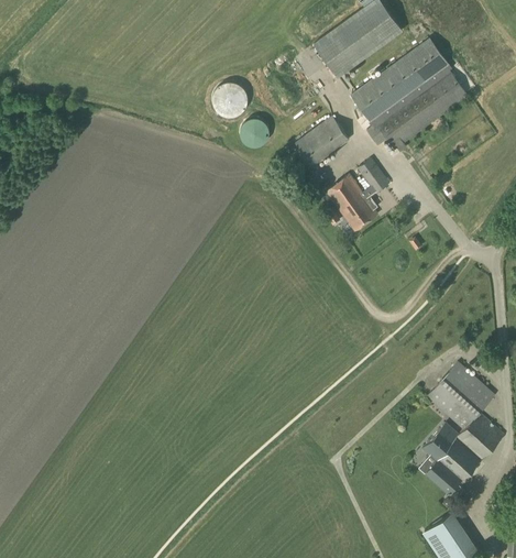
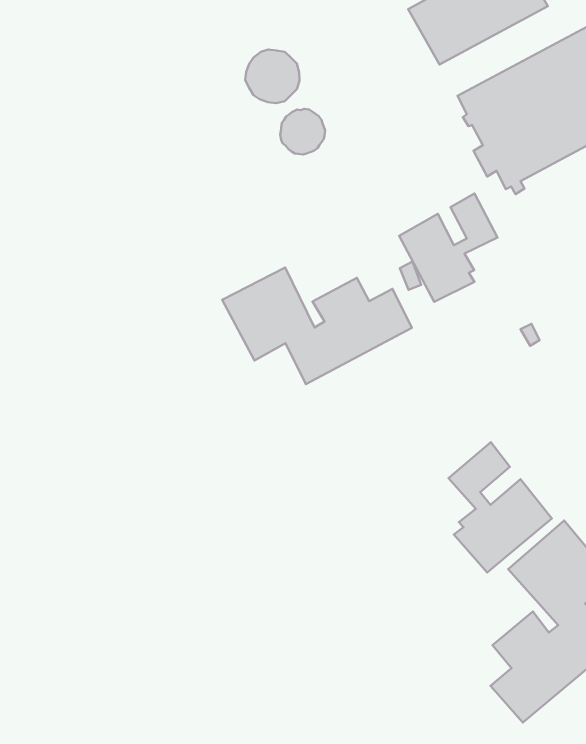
building: [294,116,349,166] -> none
building: none -> [222,267,412,384]
building: none -> [448,442,552,572]

